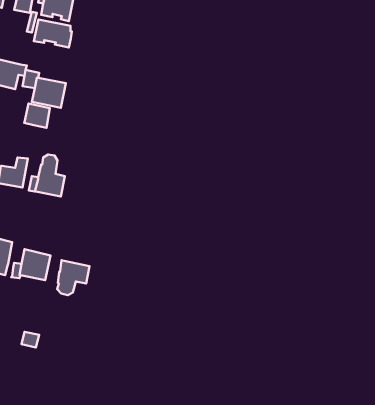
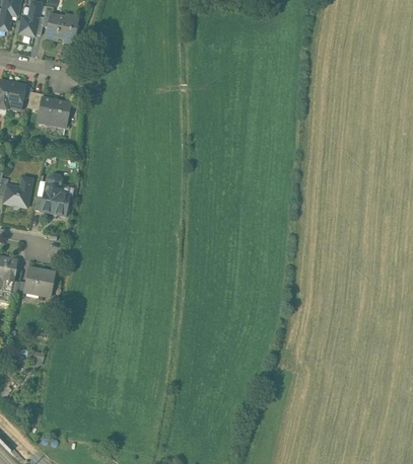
building: [34,19,72,48] -> none
building: [24,103,50,128] -> none
building: [57,260,90,295] -> none

